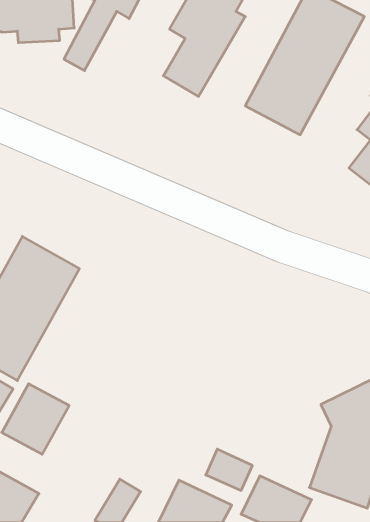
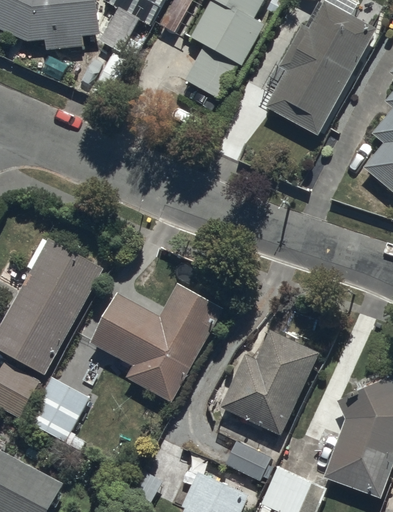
building: none -> [90,281,223,403]
building: none -> [218,326,320,436]

